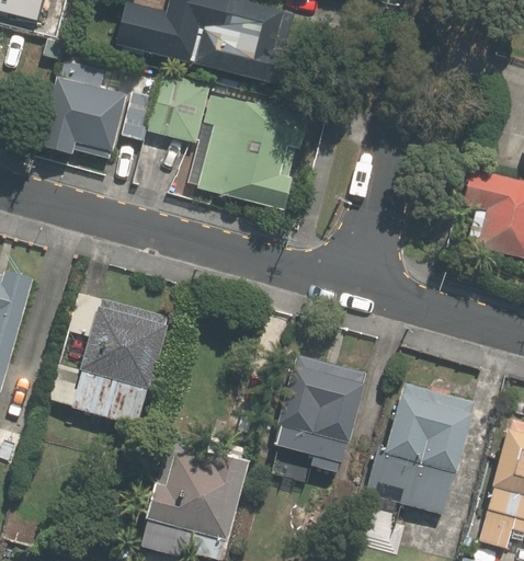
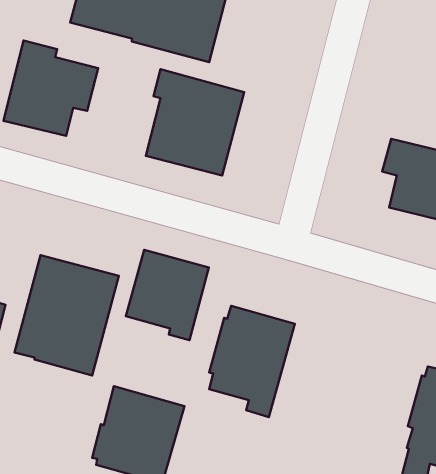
building: [156,76,216,144] -> none
building: none -> [126,250,209,340]
building: [363,385,474,515] -> none

